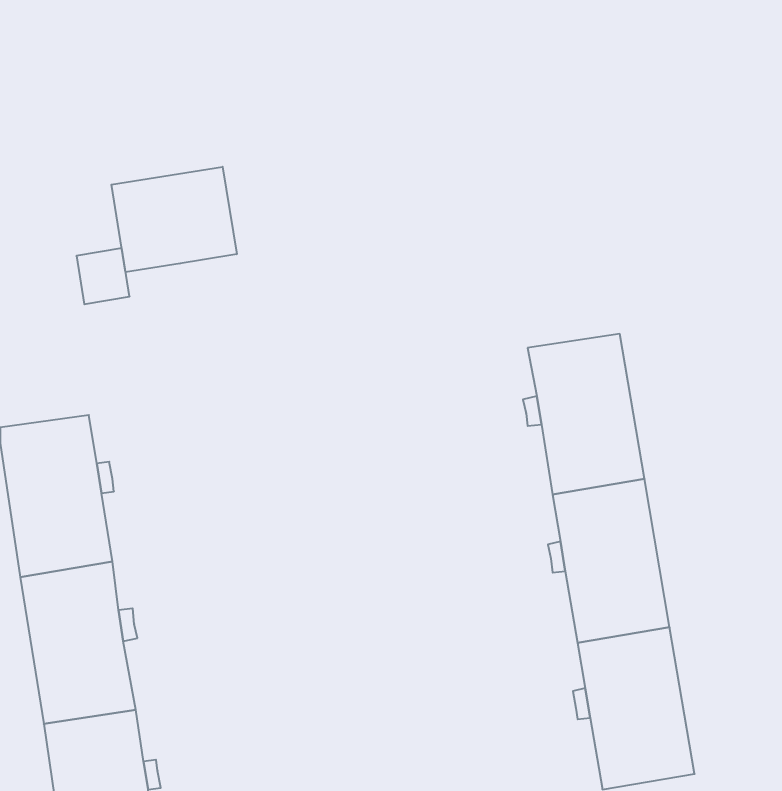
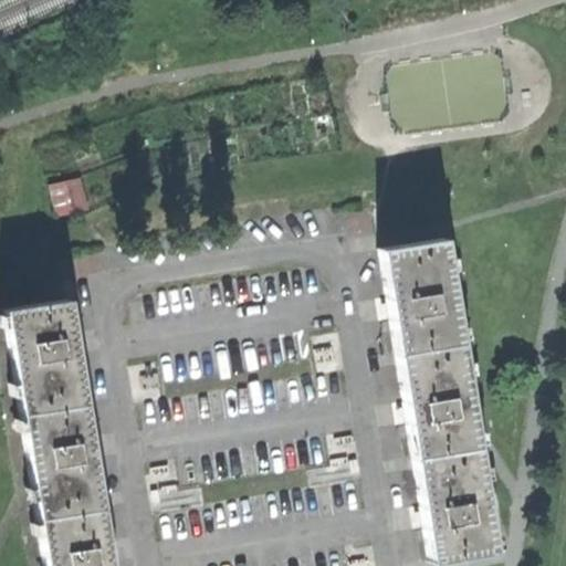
building: [111,167,237,272] -> none

